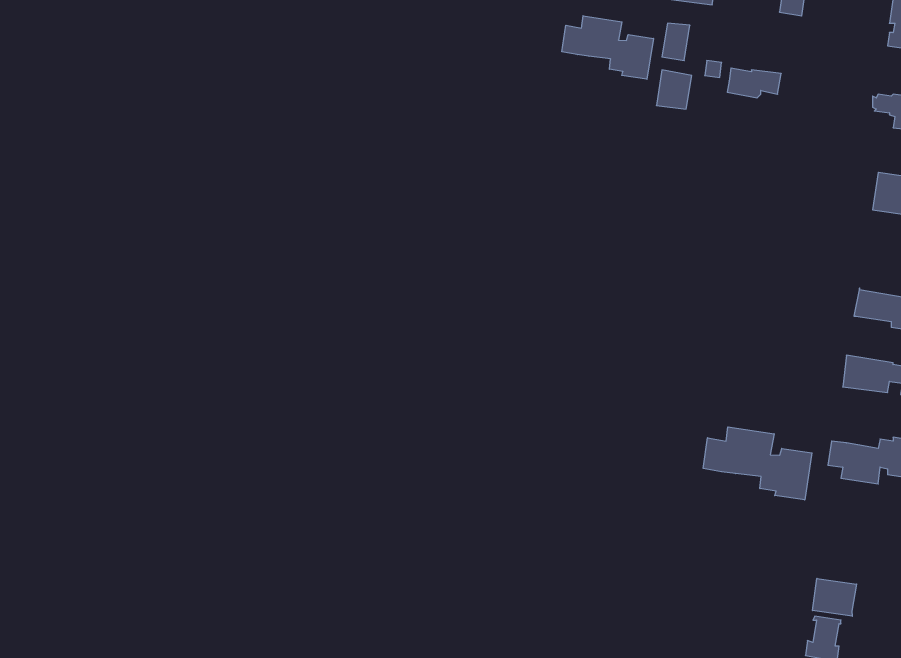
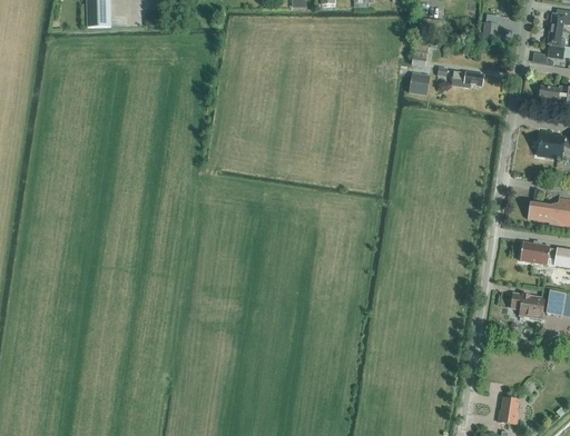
building: [562,16,653,79] -> none
building: [703,427,812,500] -> none
building: [813,578,857,616] -> none

